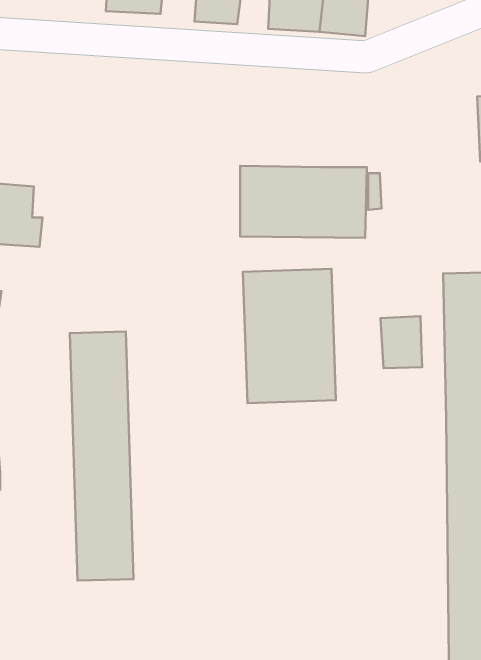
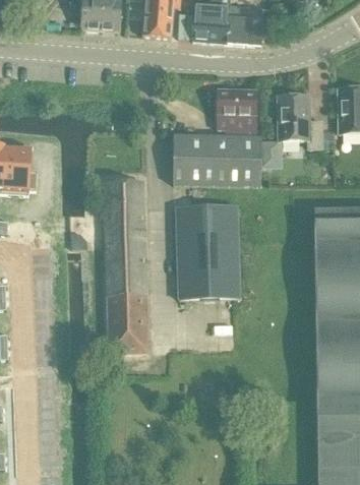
building: none -> [217,88,255,135]
building: none -> [277,94,321,146]
building: [380,316,422,368] -> none
building: [70,332,133,581] -> [104,181,147,353]

